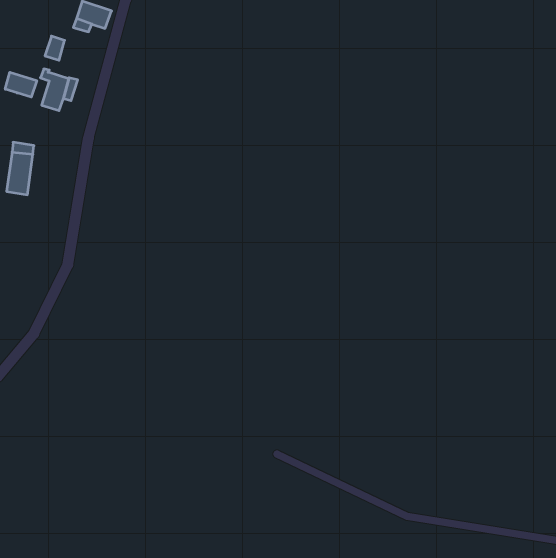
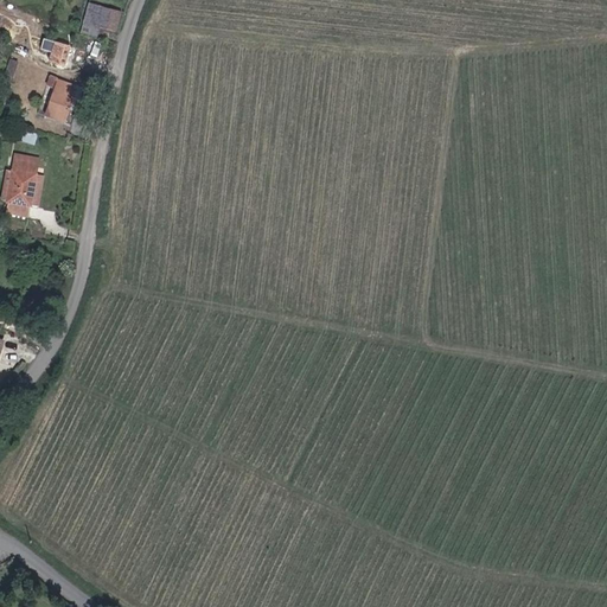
building: [5,72,37,97] -> none

